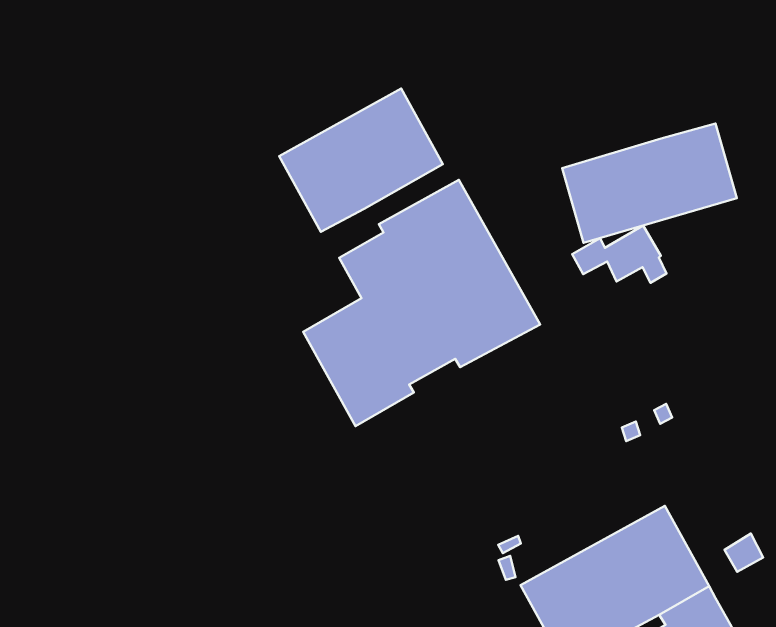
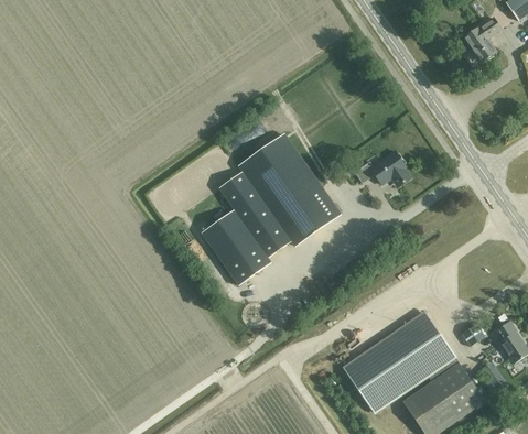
building: [279,88,443,232] -> none
building: [562,124,737,243] -> none

